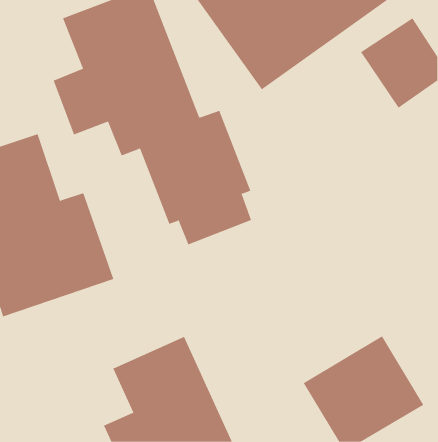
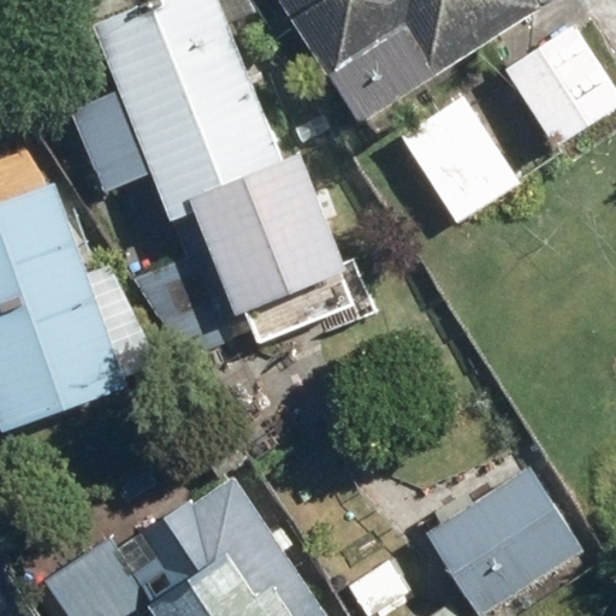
building: none -> [393,93,520,230]

